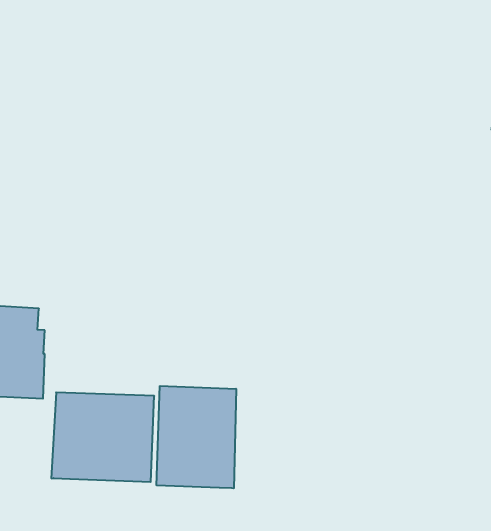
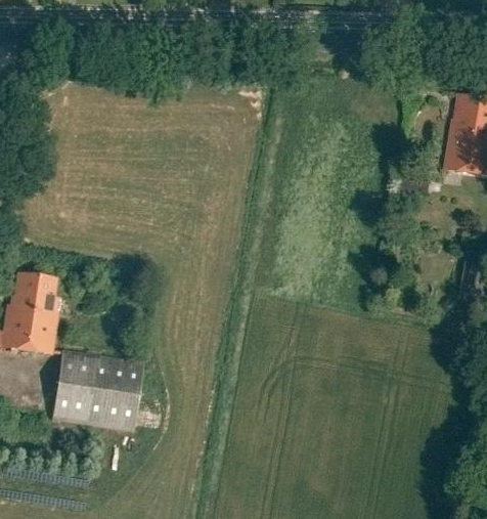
building: [157,386,236,488] -> none

